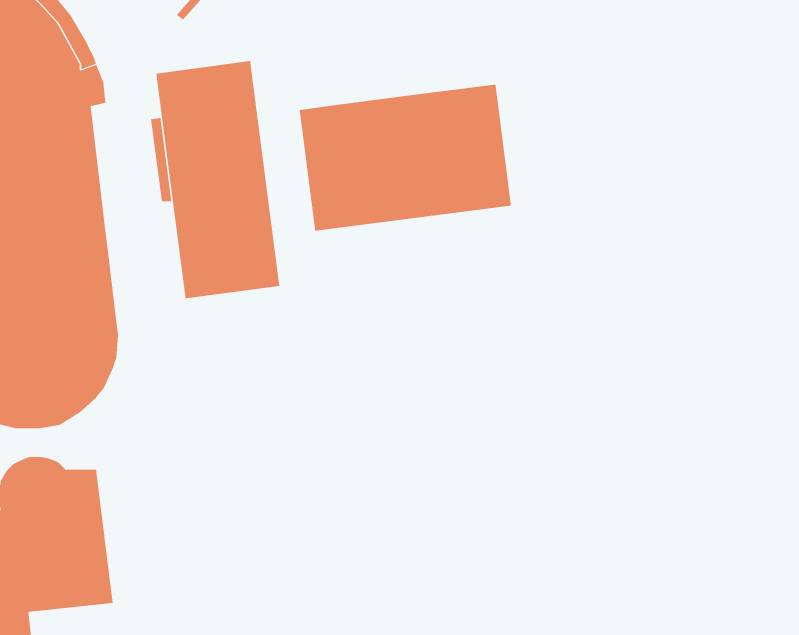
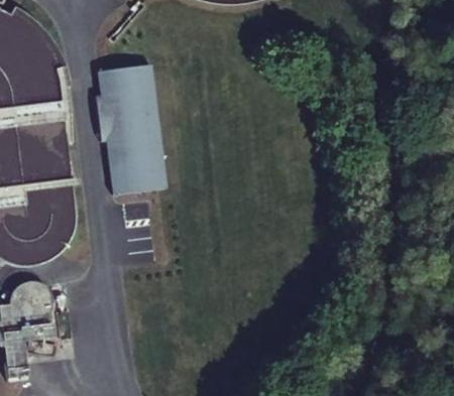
building: [299,84,511,232] -> none

